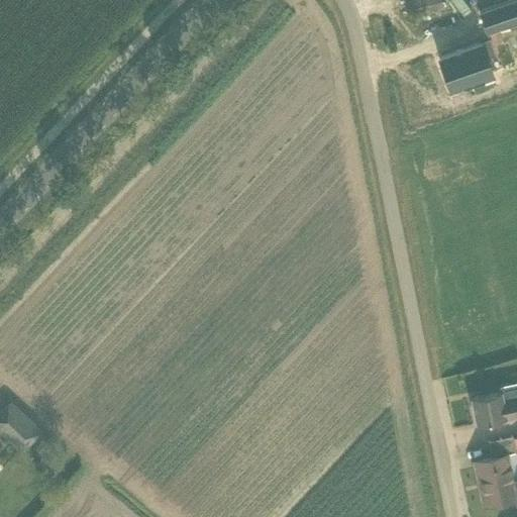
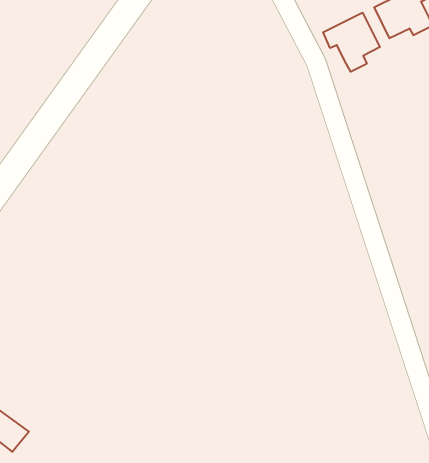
building: none -> [323,13,380,72]

